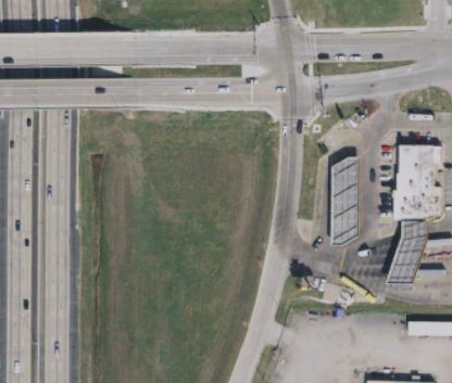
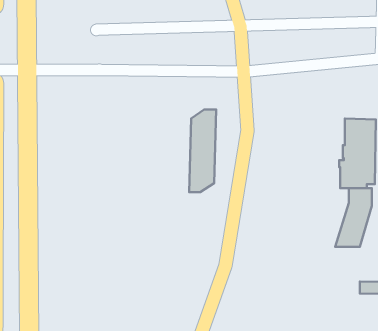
building: [329,155,359,245] -> [189,110,216,192]

